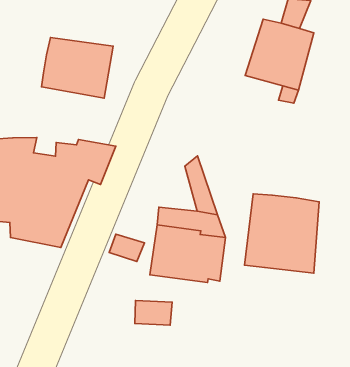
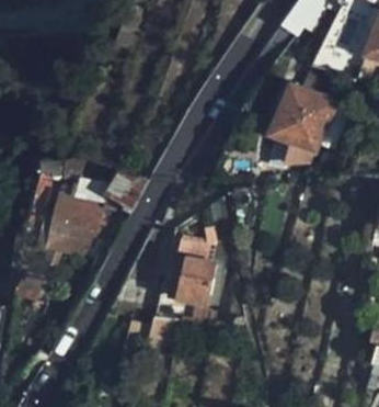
building: [42,38,113,98] -> none
building: [244,194,319,273] -> none

